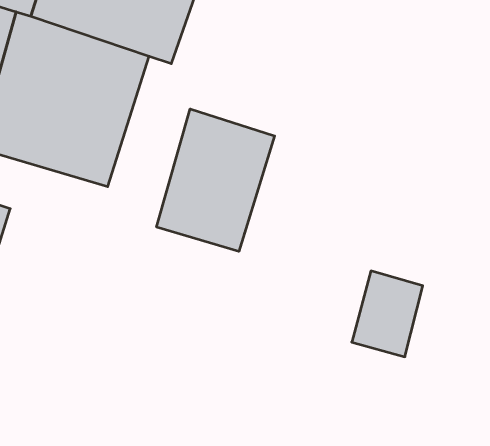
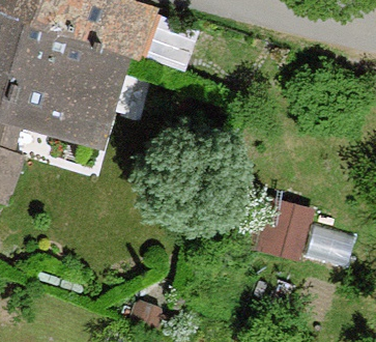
building: [157,109,275,251] -> none

